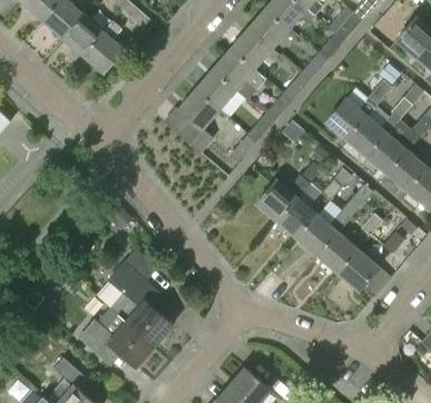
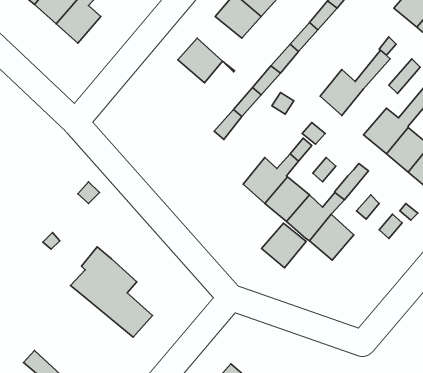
building: [214,49,256,99] -> none
building: [178,89,221,153] -> none
building: [347,116,389,158] -> none
building: [339,250,380,292] -> [262,223,306,268]
building: [79,308,155,367] -> none

